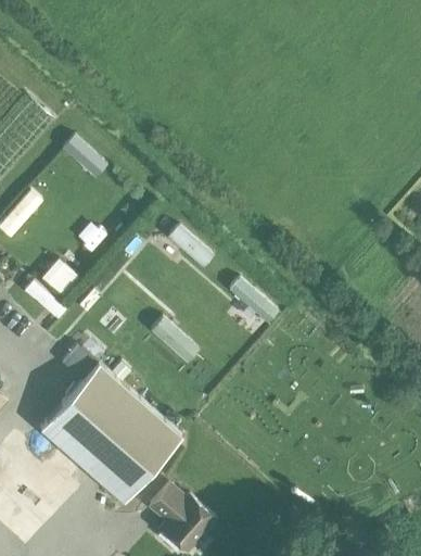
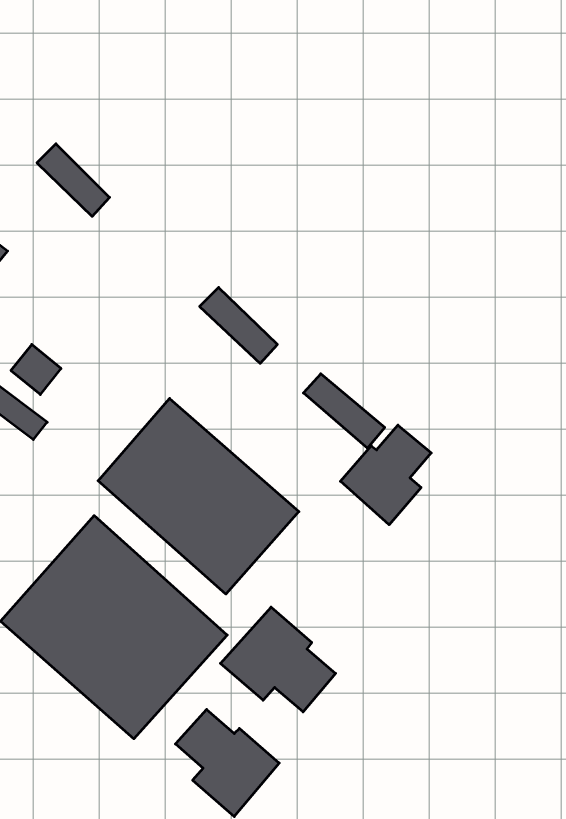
building: none -> [98,398,299,594]
building: none -> [340,425,431,525]
building: none -> [220,607,336,712]

